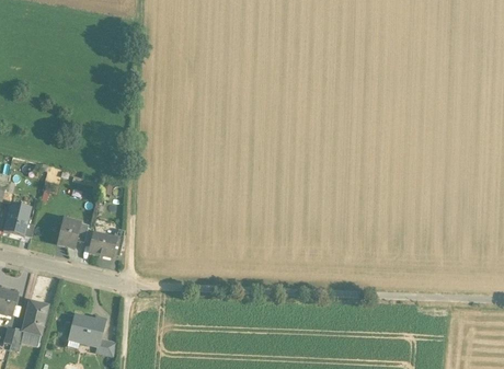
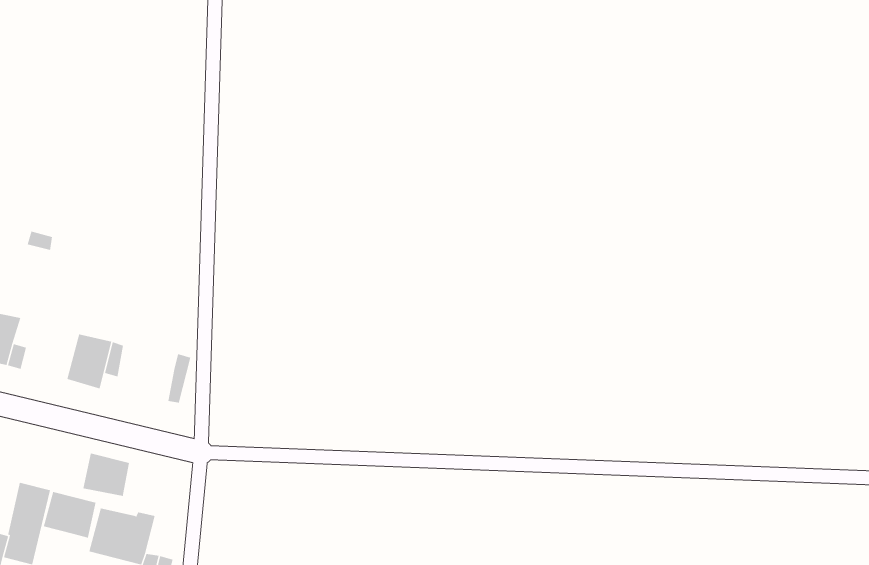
building: [89,232,115,256] -> [82,453,130,496]
building: none -> [43,491,96,538]

